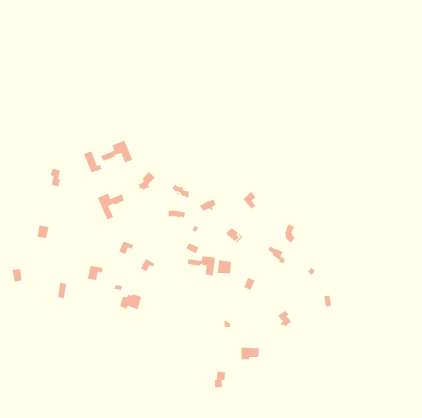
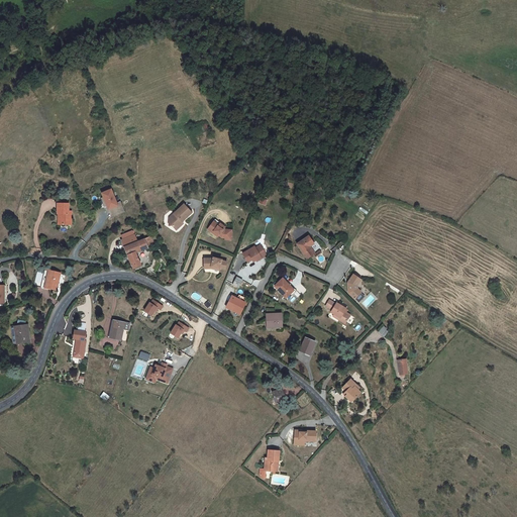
building: [100,140,133,163] -> none
building: [187,255,216,276] -> none

